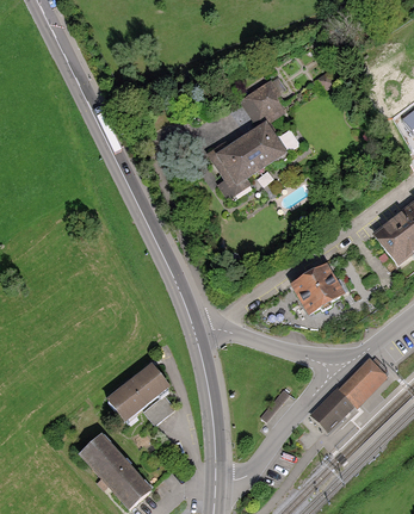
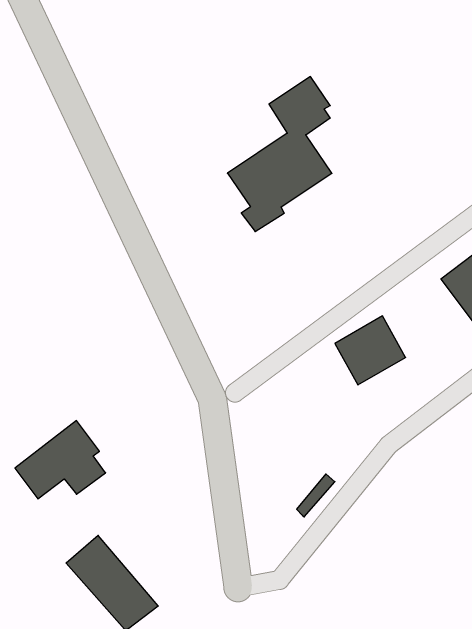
building: [310,354,388,429] -> none
building: [105,364,175,425] -> [15,421,106,499]

